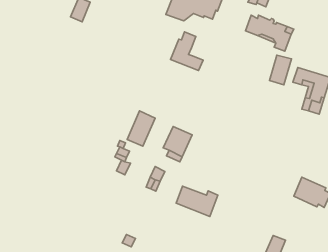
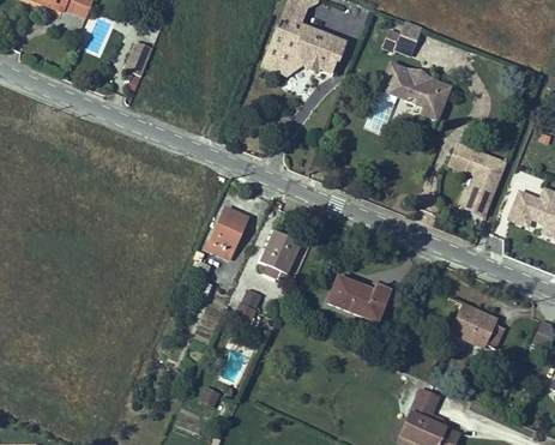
building: [170,32,203,71] -> none
building: [270,55,292,85] -> none
building: [176,186,218,216] -> [328,277,390,321]

